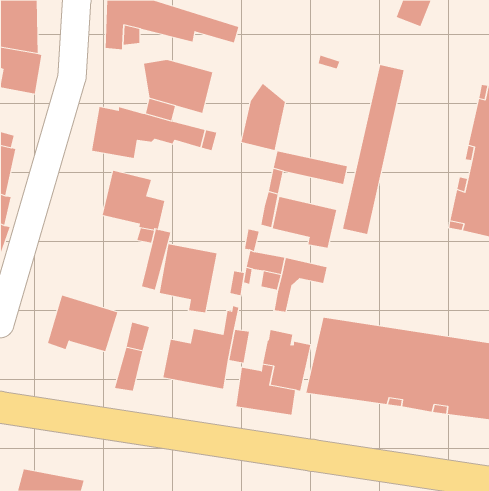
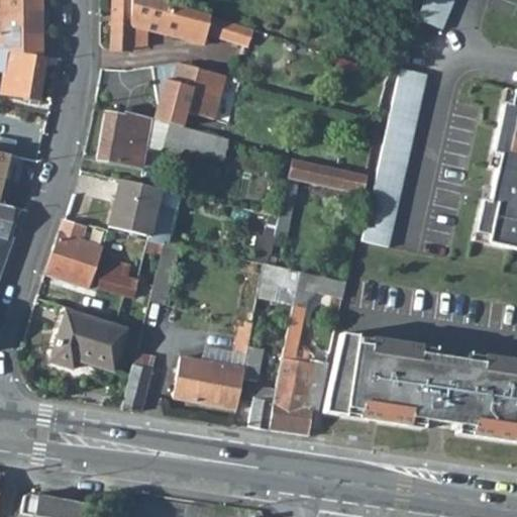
building: [241,83,285,151] -> none
building: [272,196,337,249] -> none
building: none -> [44,218,103,288]
building: [159,243,217,313] -> none
building: none -> [99,258,138,297]

